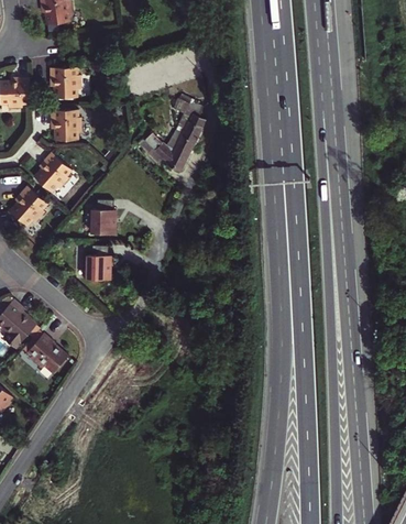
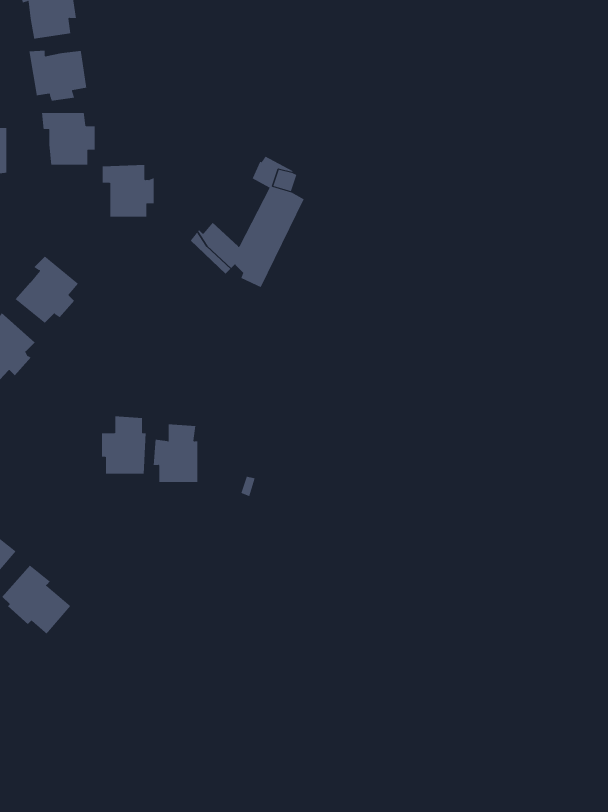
building: none -> [29,50,87,101]
building: [52,109,83,140] -> [102,164,155,217]
building: [90,200,117,234] -> [153,424,198,482]

